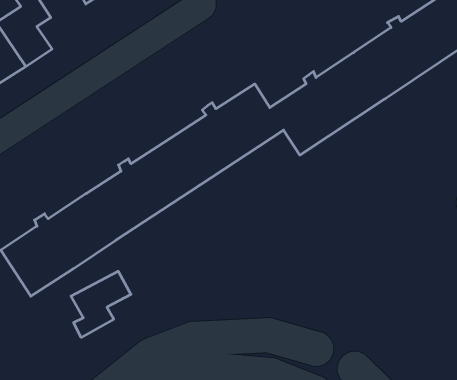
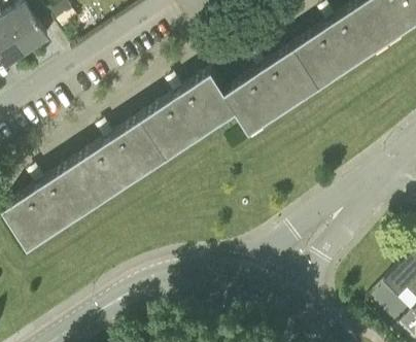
building: [71,271,131,337] -> none

